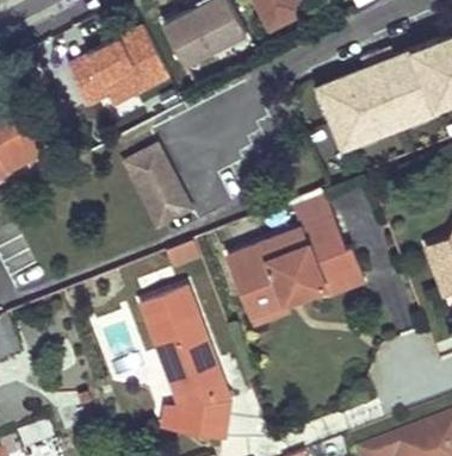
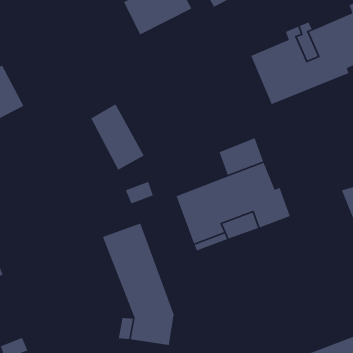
building: [61,29,169,119] -> none

